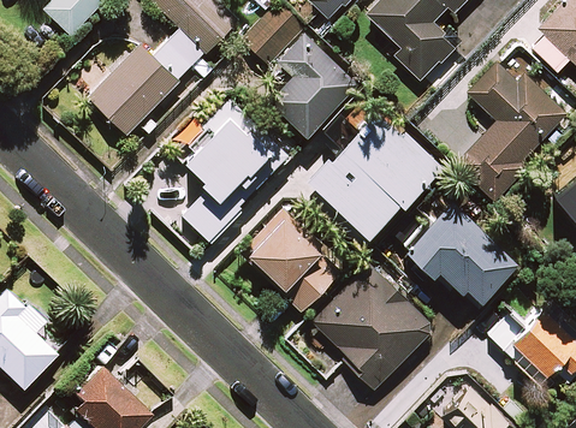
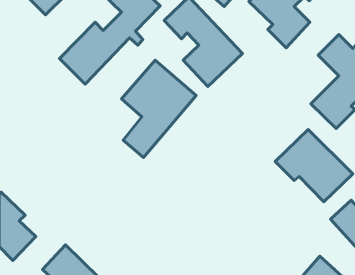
building: [311,109,443,236] -> none
building: [249,215,342,311] -> none
building: [313,274,434,390] -> none

